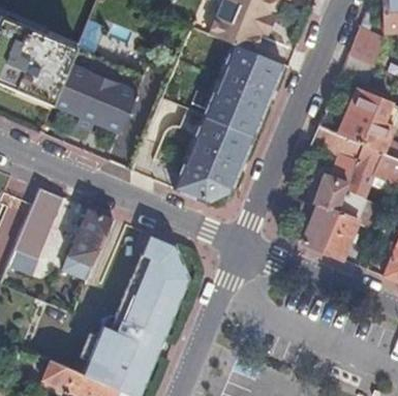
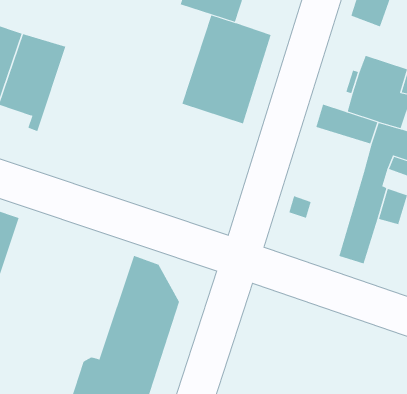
building: [83,61,144,132] -> none
building: [172,116,252,201] -> none
building: [302,176,347,251] -> none
building: [68,209,112,266] -> none

